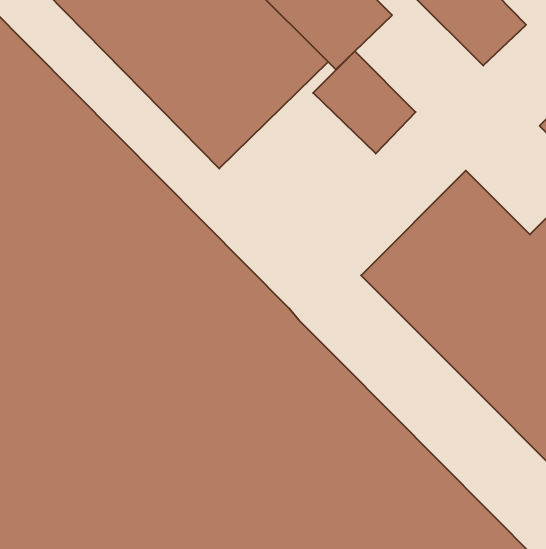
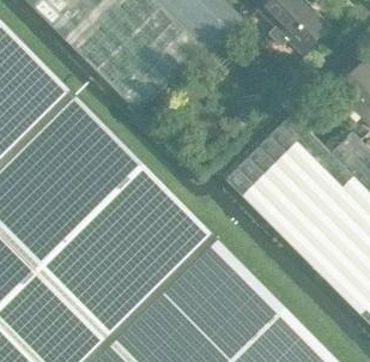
building: [313,51,416,154] -> none

